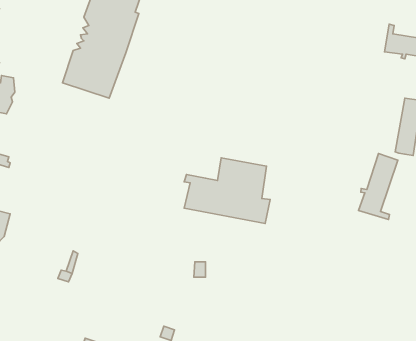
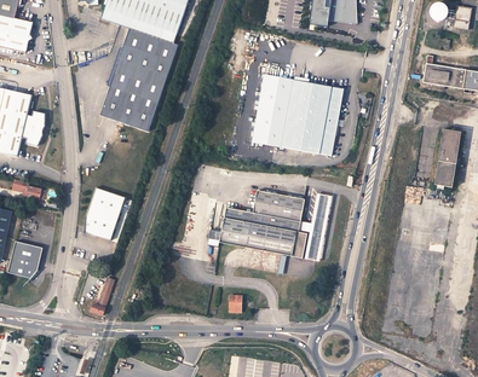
building: none -> [254,72,345,157]
building: [358,154,398,220] -> none
building: none -> [86,187,125,240]

